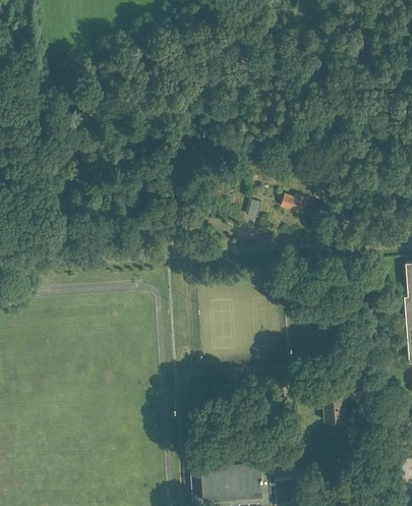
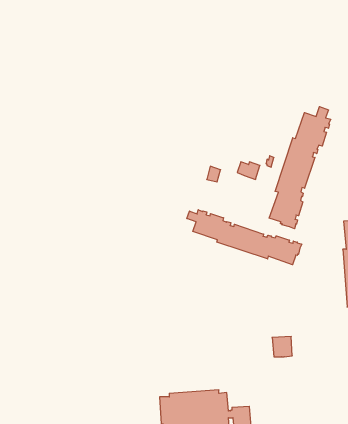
building: none -> [269,107,331,229]
building: none -> [187,210,302,265]

